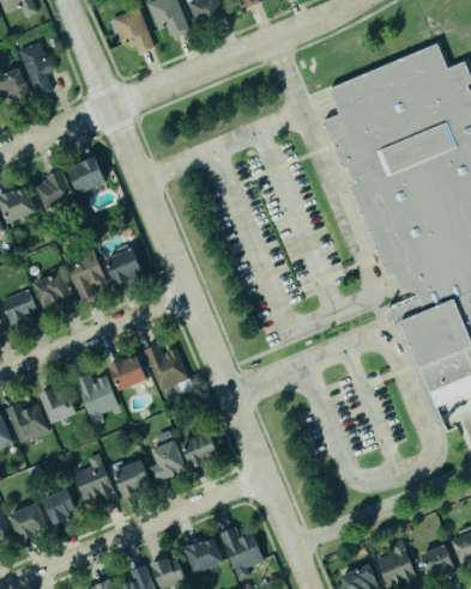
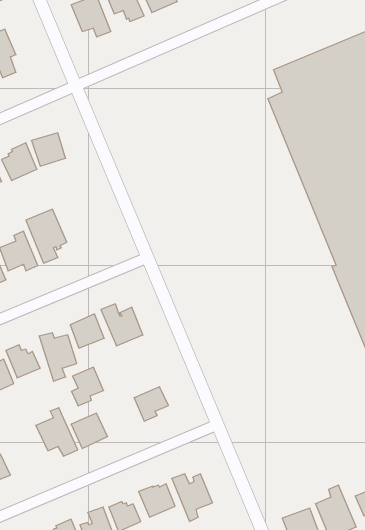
building: [105,245,143,284] -> none
building: [147,442,182,484] -> [71,367,104,406]
building: [42,491,73,526] -> none

